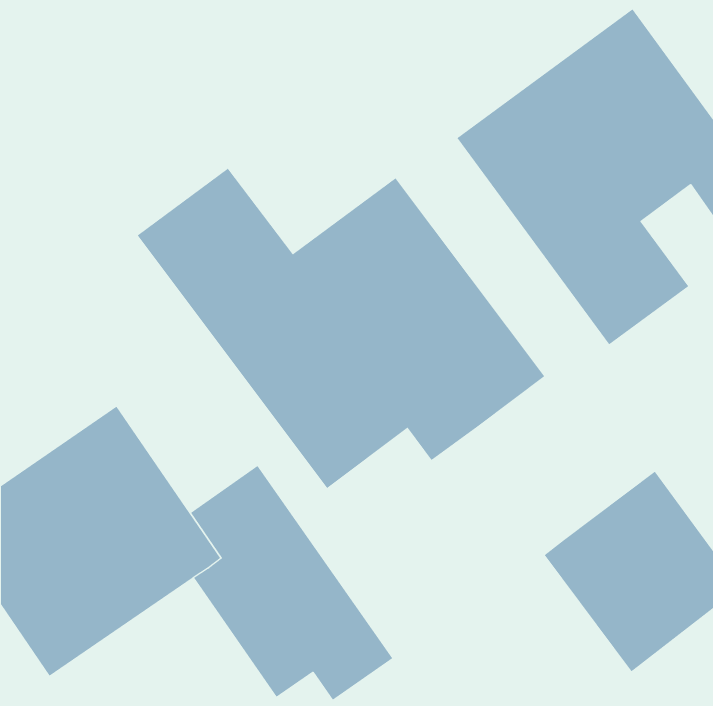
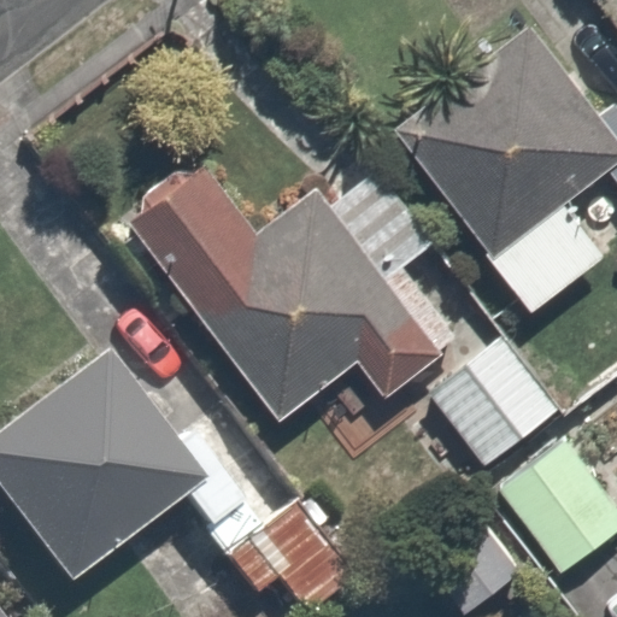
building: none -> [415,318,566,474]

